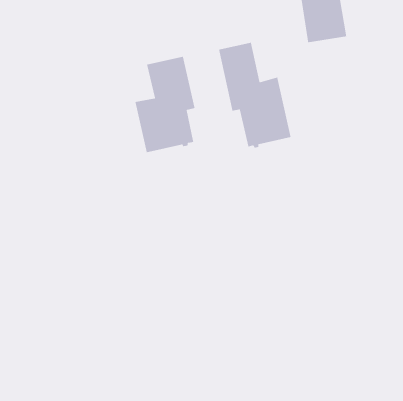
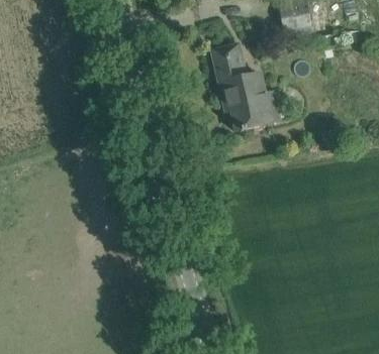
building: [134,56,195,153] -> none

